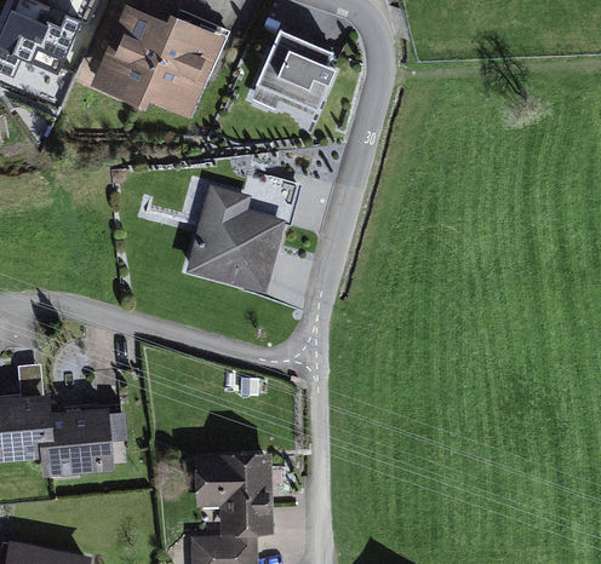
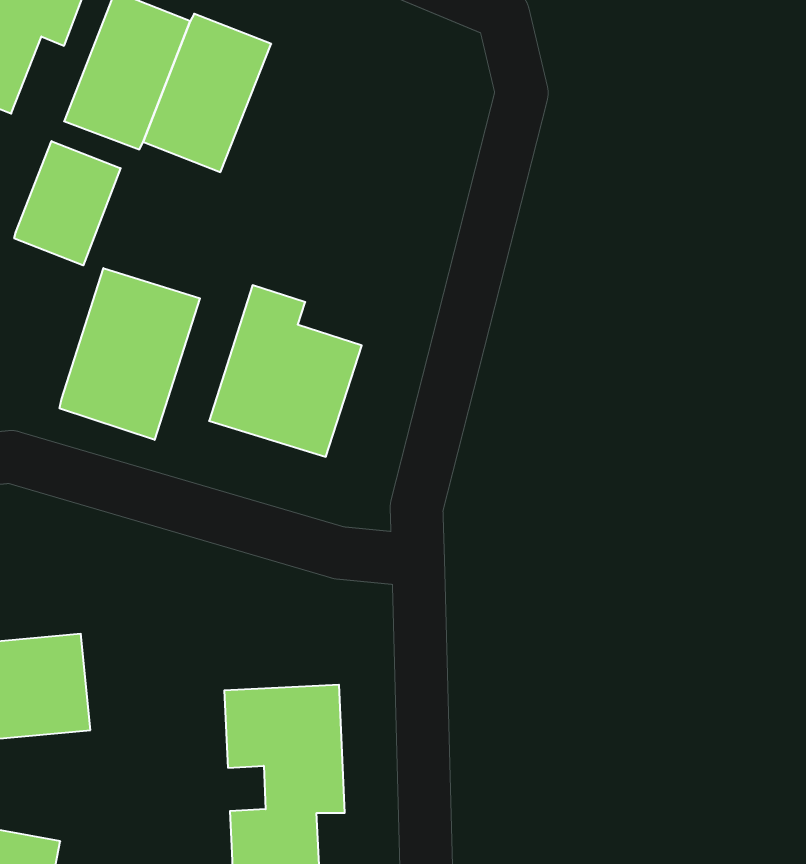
building: [253,39,336,116] -> none
building: none -> [14,141,121,265]
building: none -> [60,268,200,440]

